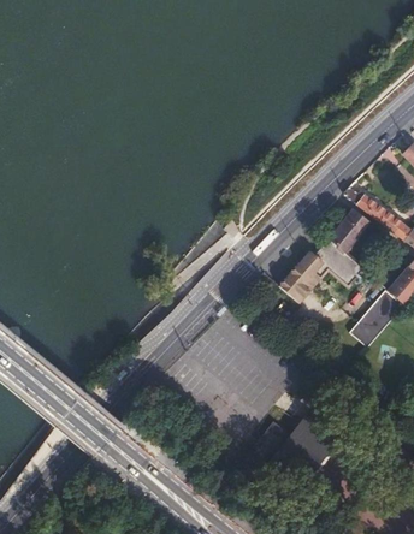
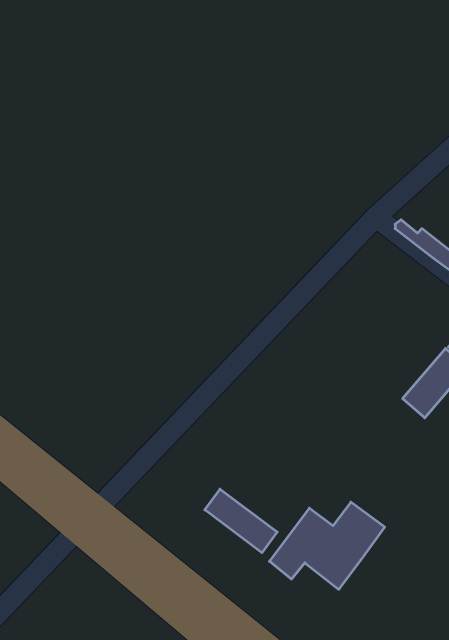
building: [279,207,369,301] -> none
building: none -> [205,489,277,553]

